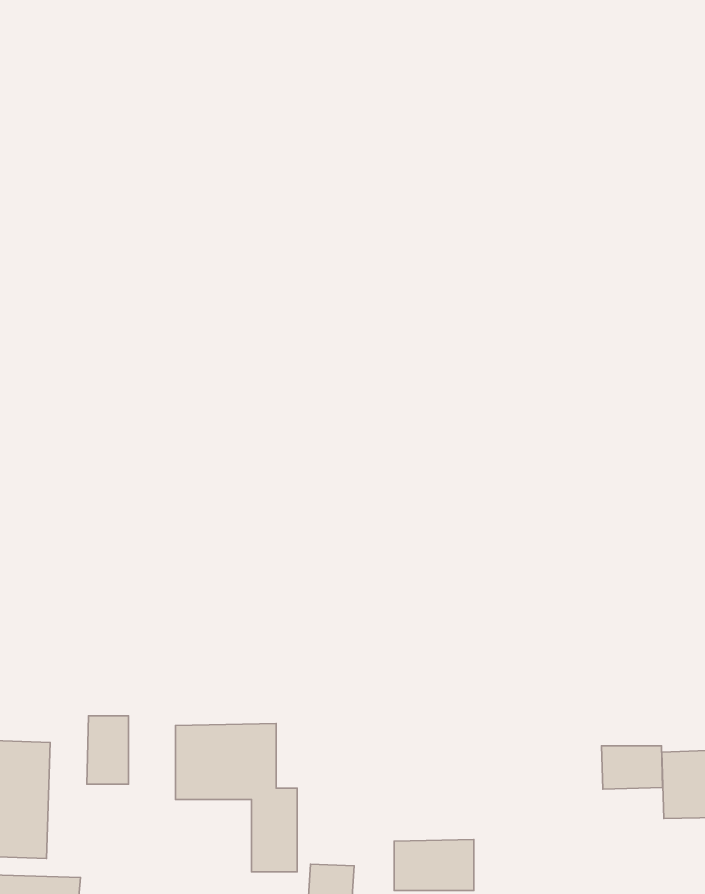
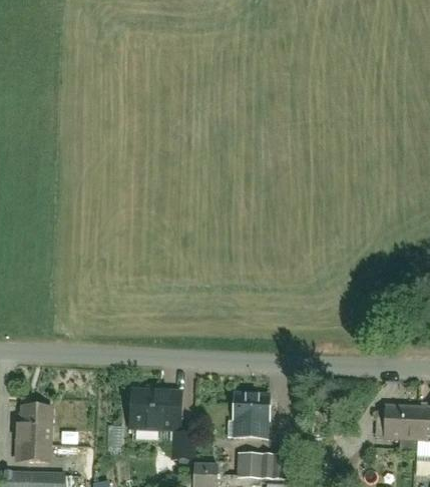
building: [87,716,129,784] -> none
building: none -> [230,392,279,429]
building: [601,746,663,789] -> none

